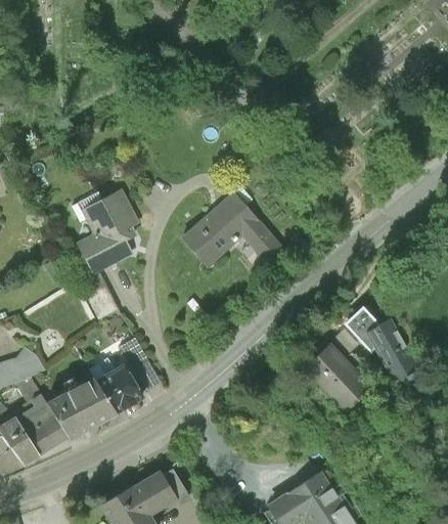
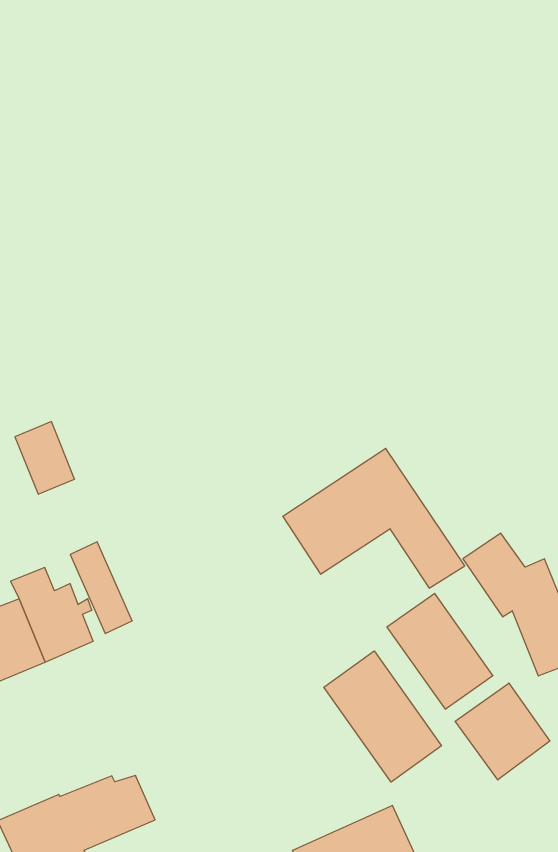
building: [77,191,141,276] -> none
building: [179,193,285,269] -> [283,448,465,588]
building: none -> [324,651,441,782]
building: none -> [455,683,550,780]

